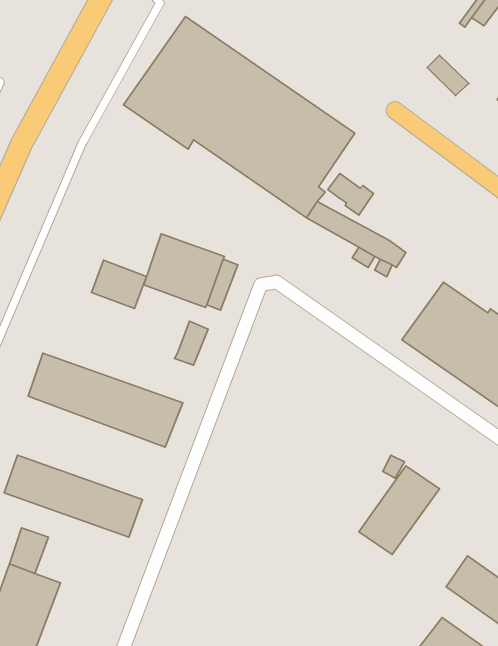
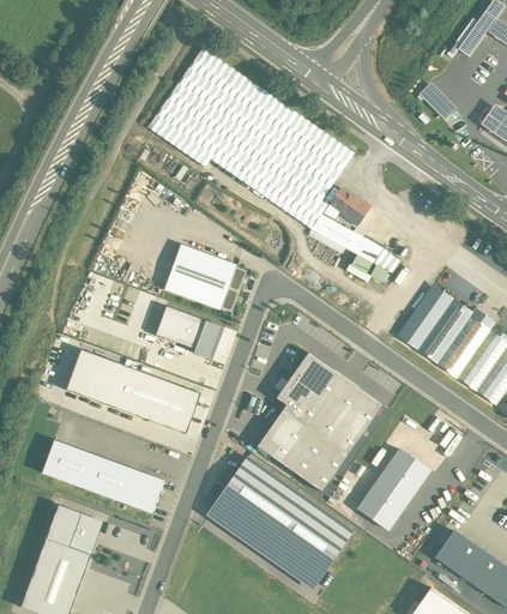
building: [92,260,147,309] -> [157,306,206,349]
building: none -> [256,351,382,492]
building: none -> [206,456,354,589]
building: none -> [68,513,103,554]

